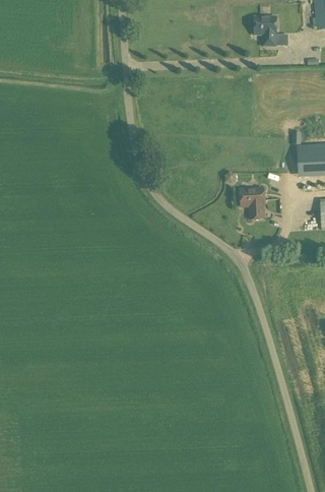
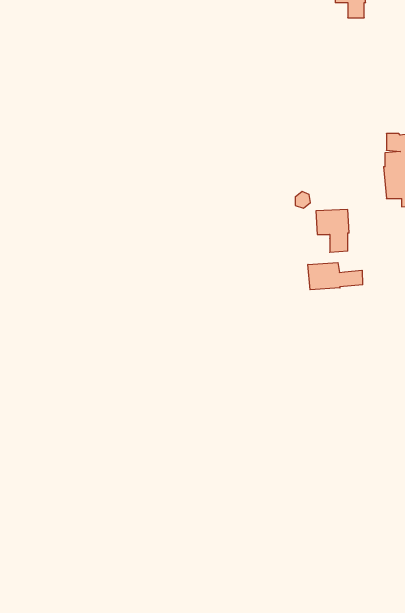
building: none -> [308,263,363,290]

